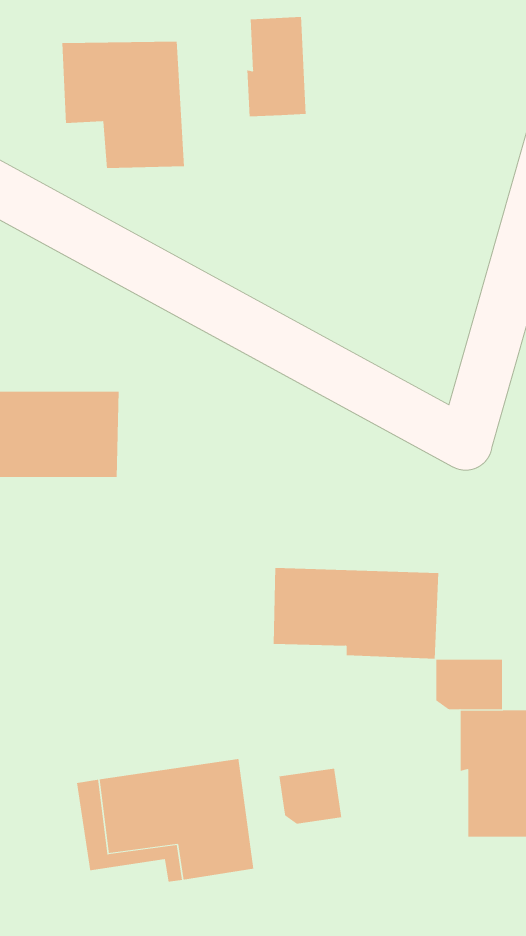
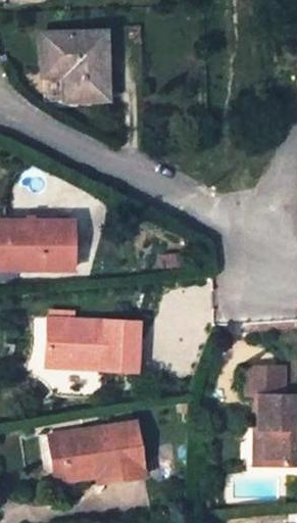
building: [247,16,306,117] -> none
building: [273,567,439,659] -> [48,320,139,370]
building: [279,768,342,824] -> none

